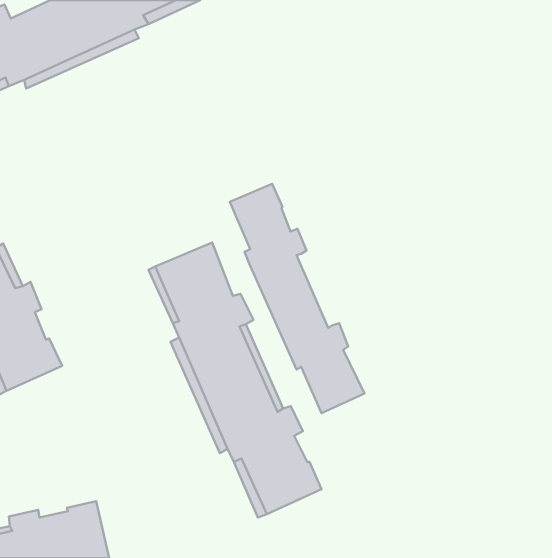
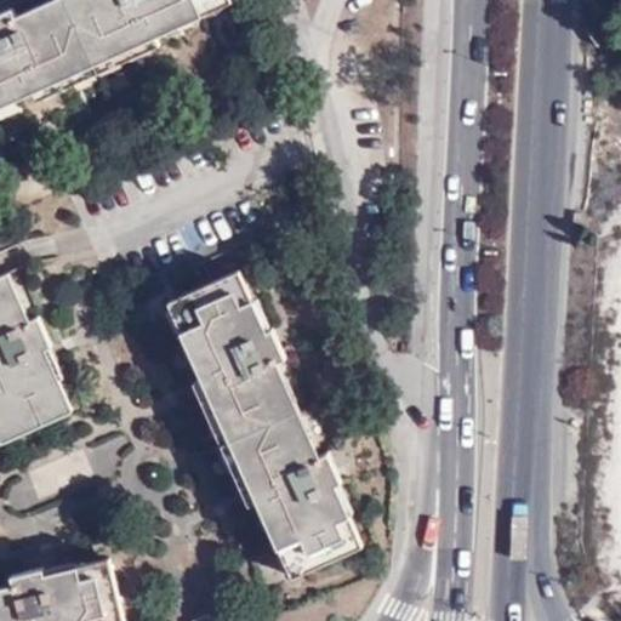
building: [230,184,365,413] -> none

